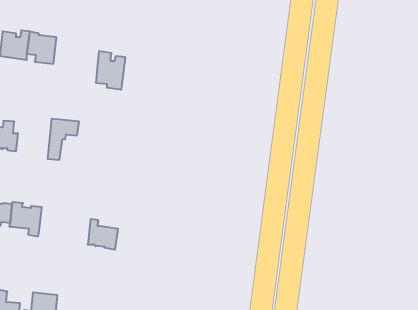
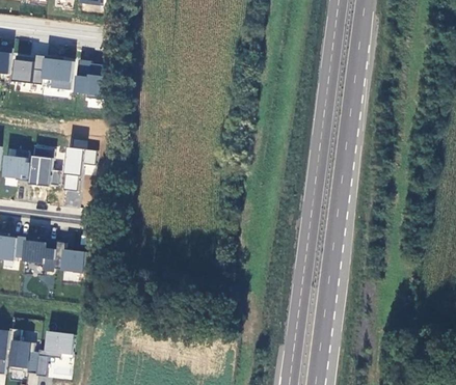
building: [96,51,125,90] -> [74,59,105,100]
building: none -> [28,145,59,186]
building: [88,219,118,249] -> [53,242,85,274]

